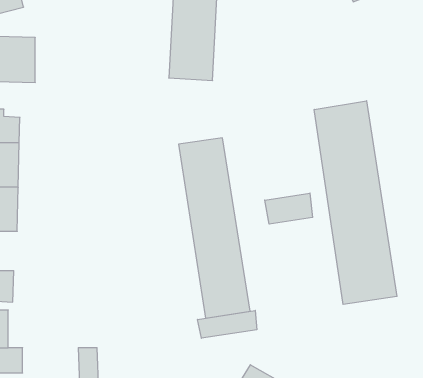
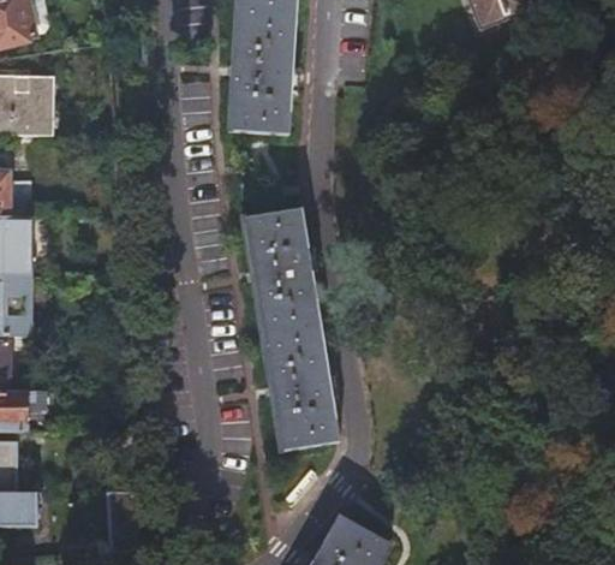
building: [314,101,397,304] -> none
building: [265,193,313,224] -> none
building: [198,310,257,338] -> none

